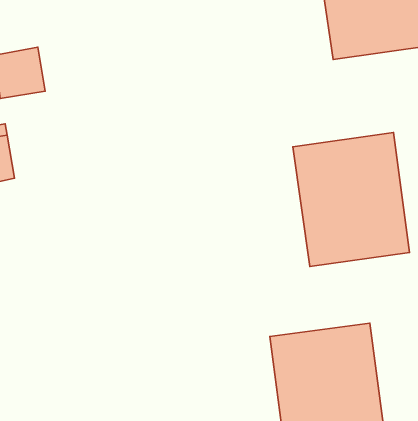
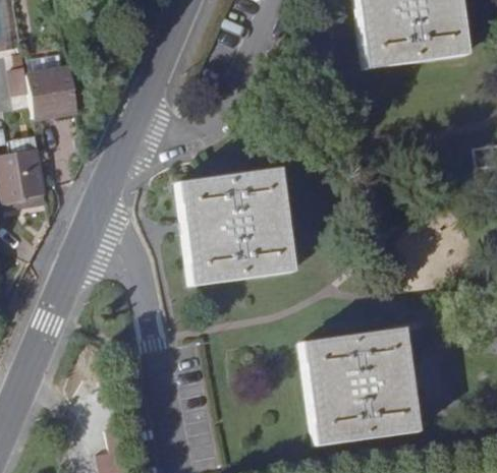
building: [293,132,410,267] -> none
building: none -> [178,172,292,286]

